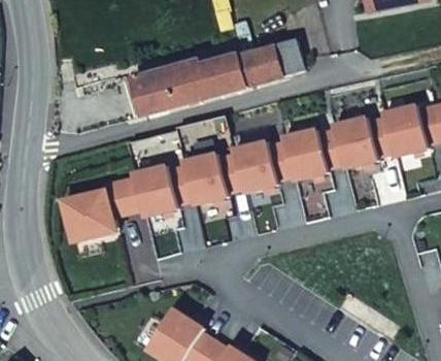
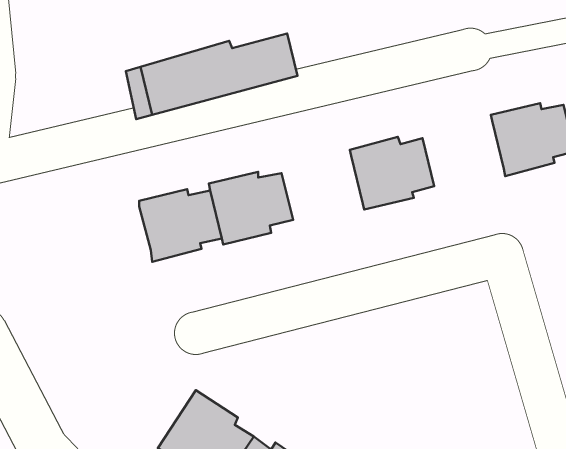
building: [238,41,302,86] -> none
building: [333,118,392,169] -> none
building: [232,141,292,193] -> none
building: [63,178,141,242] -> none

